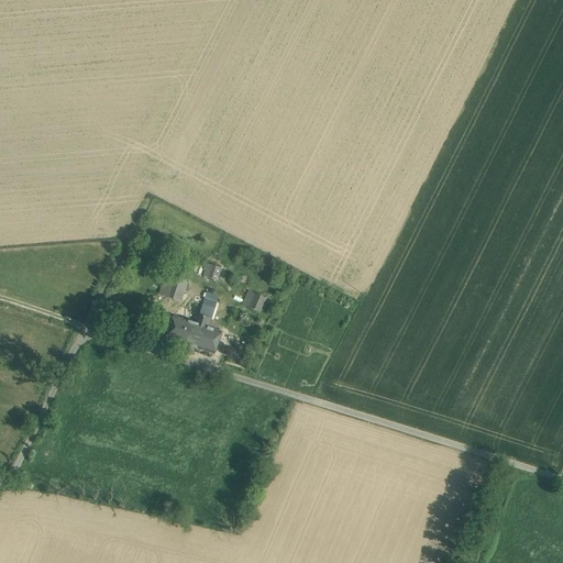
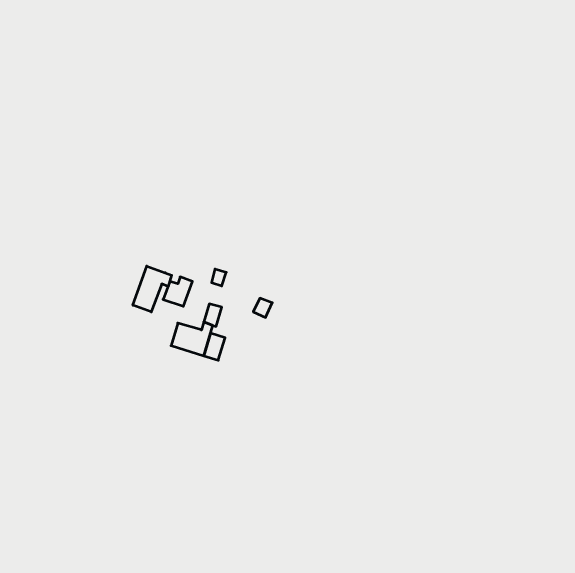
building: none -> [133,266,172,312]

